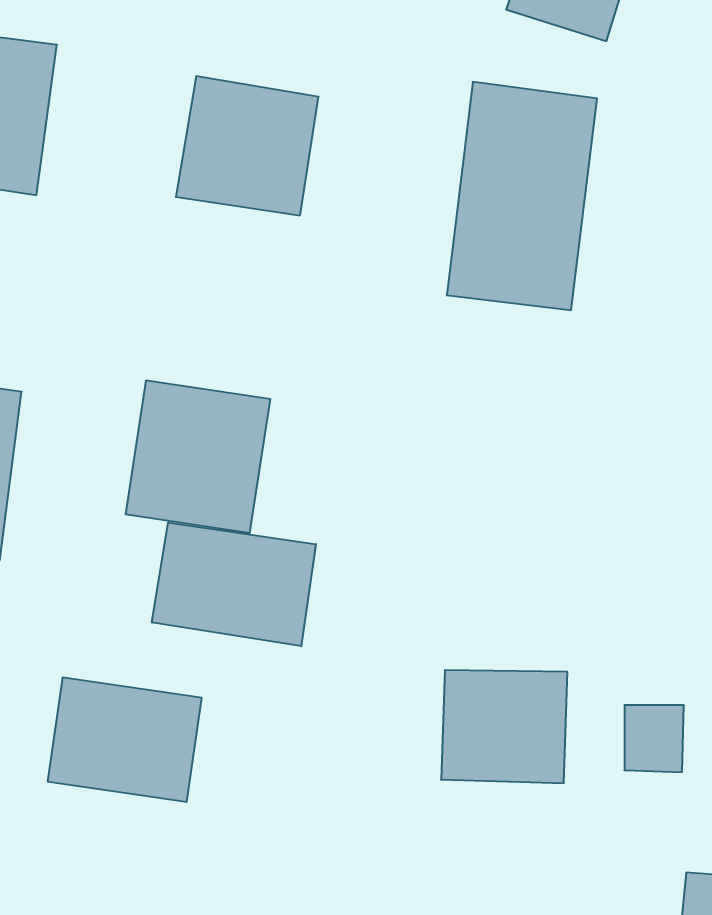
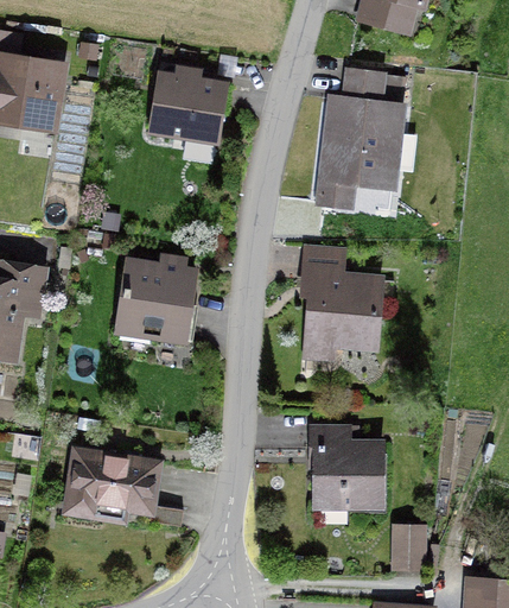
building: none -> [291,243,390,367]
building: [152,522,316,646] -> none
building: [624,705,684,772] -> [386,524,424,566]

